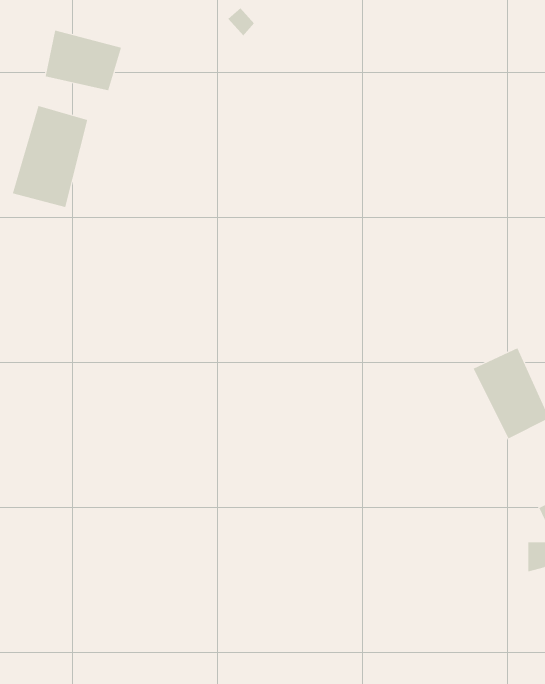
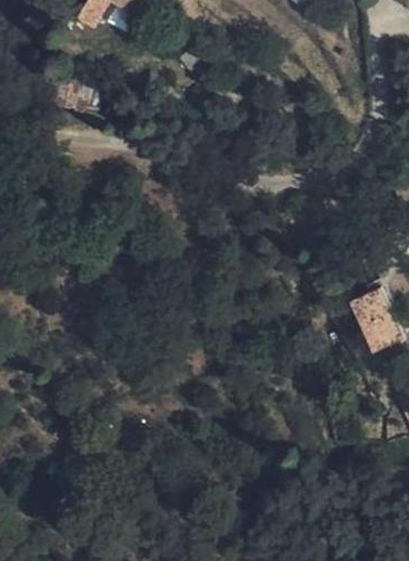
building: [12,105,88,208] -> none

